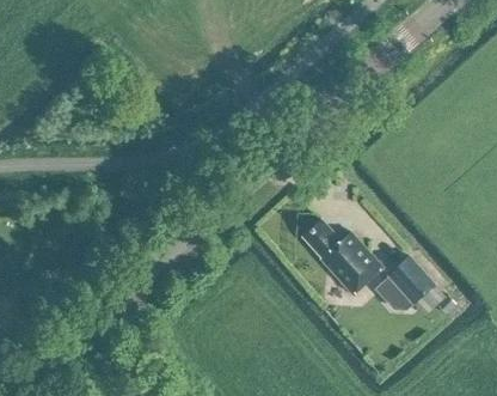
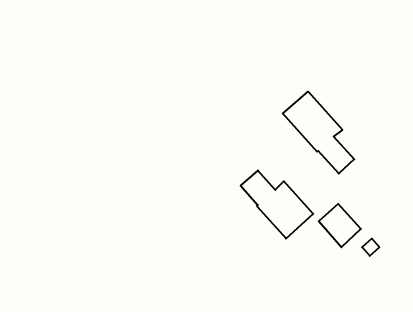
building: none -> [283,92,354,174]

